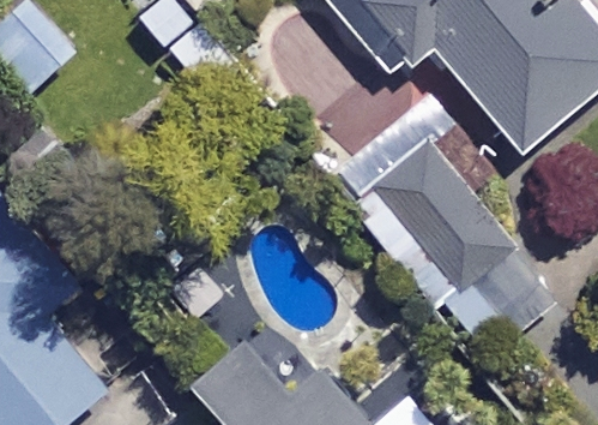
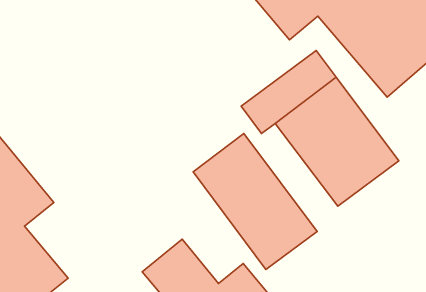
building: none -> [193,134,317,269]

